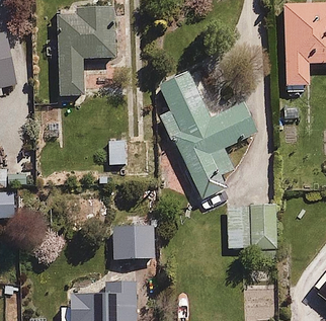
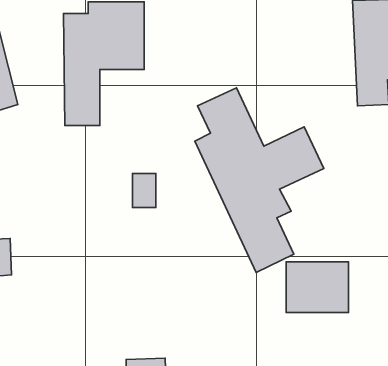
building: [111,224,154,258] -> none

